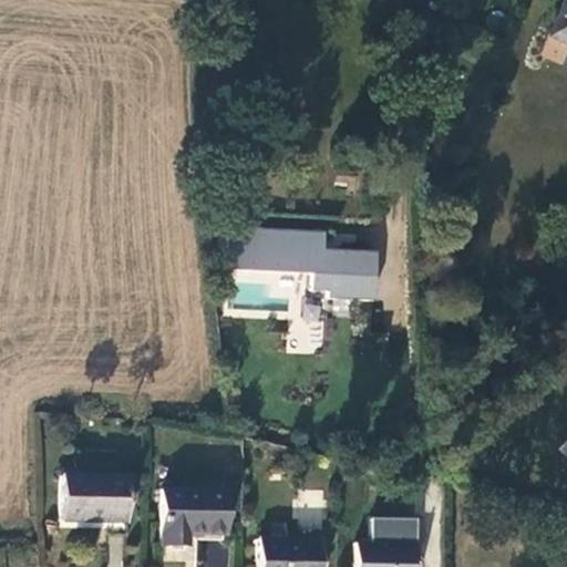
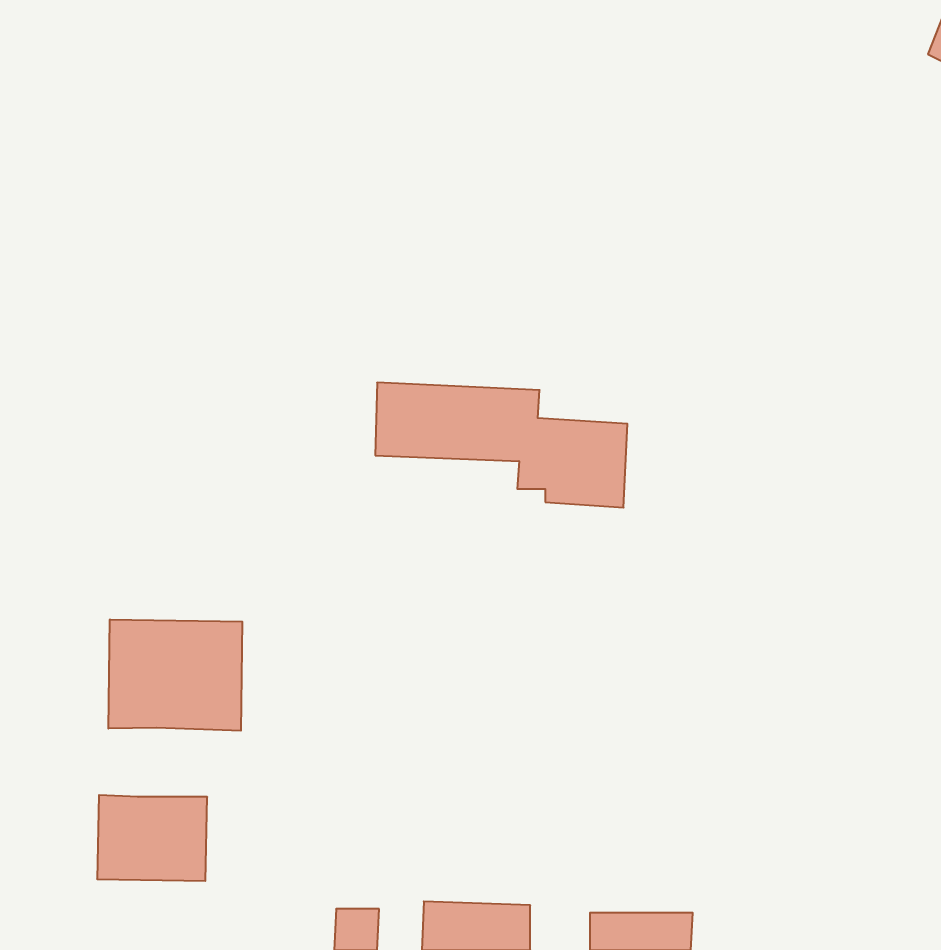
building: none -> [108,619,242,731]
building: [155,488,229,547] -> none
building: [372,519,419,542] -> none

